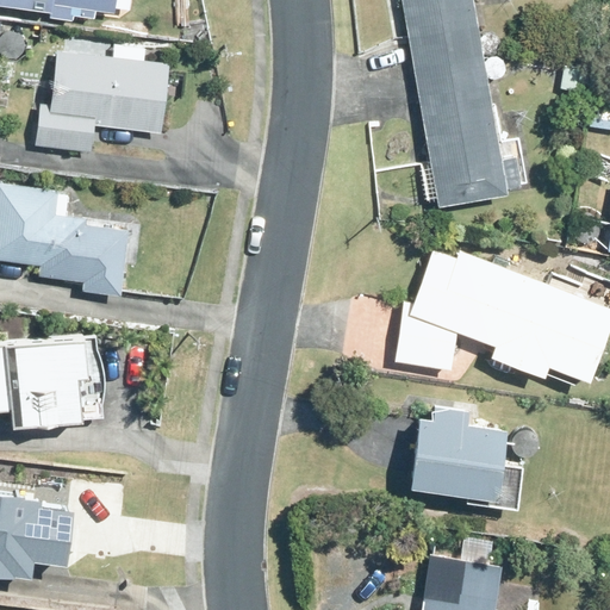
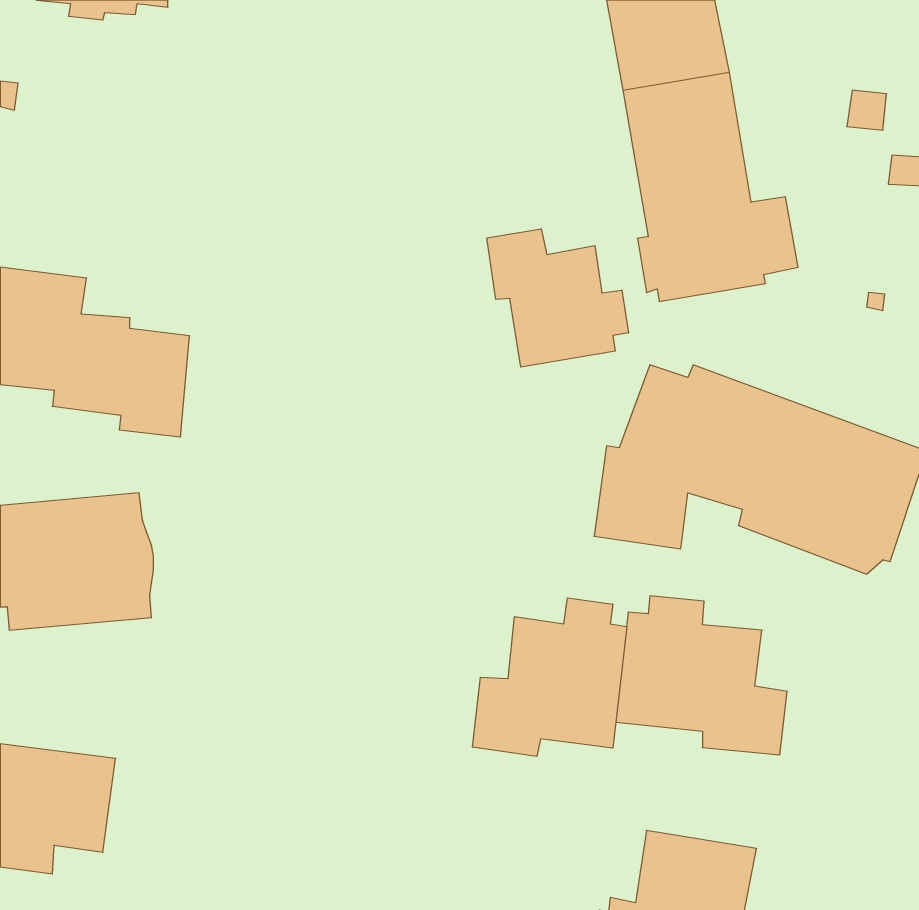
building: [33,46,168,154] -> none
building: none -> [487,229,628,367]
building: none -> [473,598,627,756]

